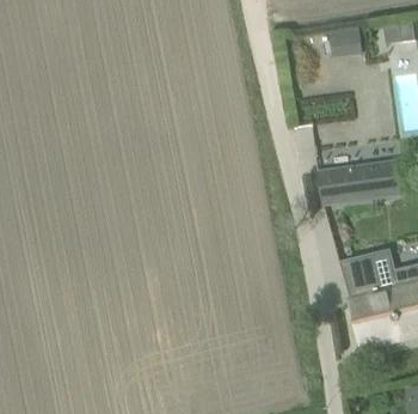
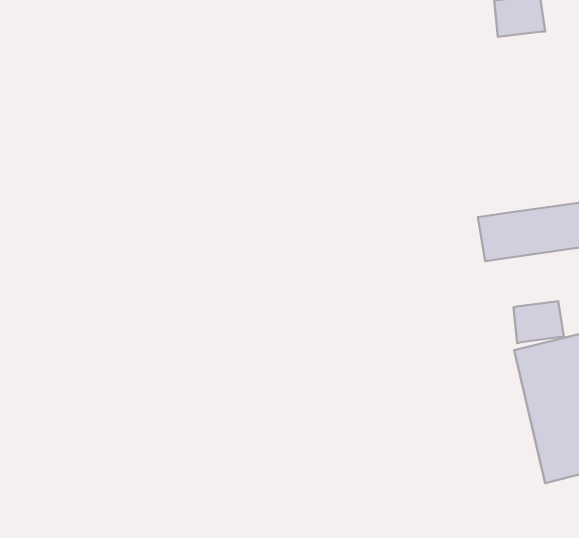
building: none -> [513,301,564,343]

